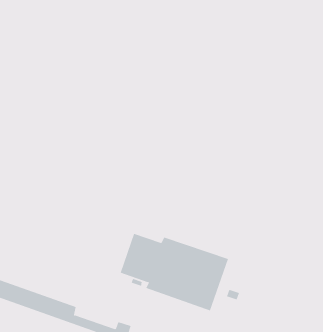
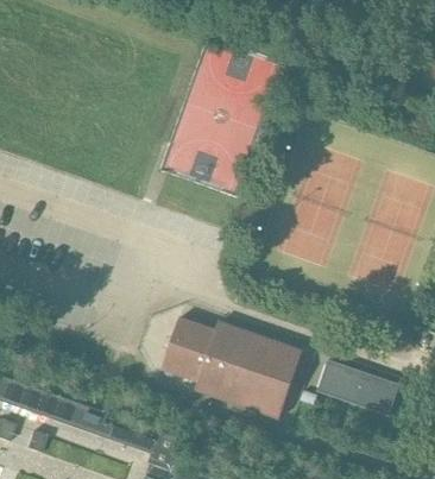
building: none -> [316,360,398,416]

